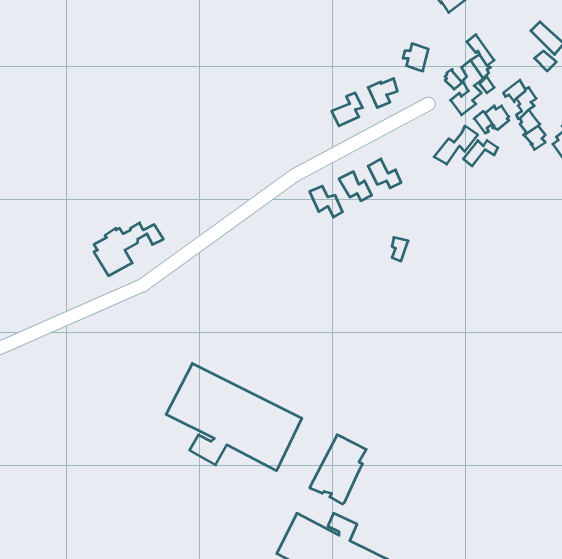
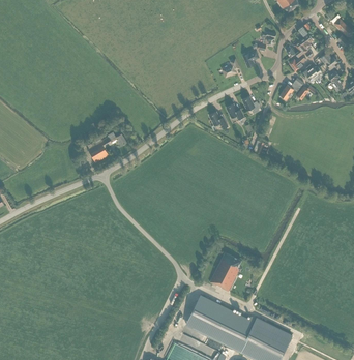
building: [166,363,302,471] -> none

